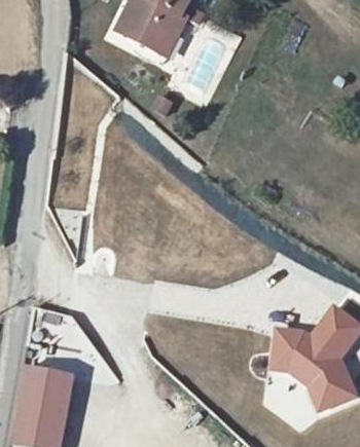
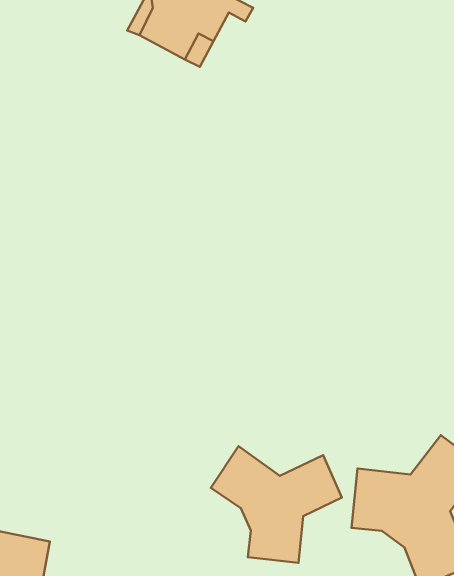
building: none -> [211,446,342,563]

